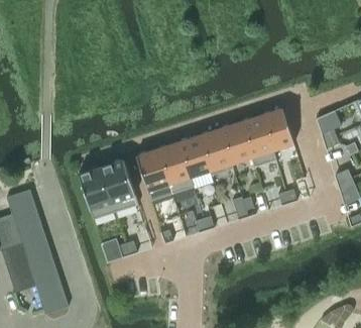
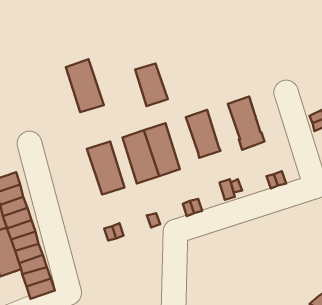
building: [260,108,293,150] -> none
building: [219,122,251,165] -> none
building: [177,135,210,178] -> [135,63,168,106]
building: [78,167,115,219] -> [66,59,104,112]

